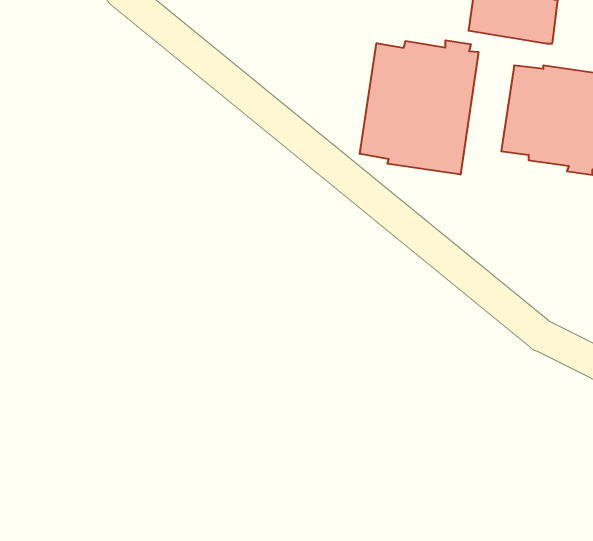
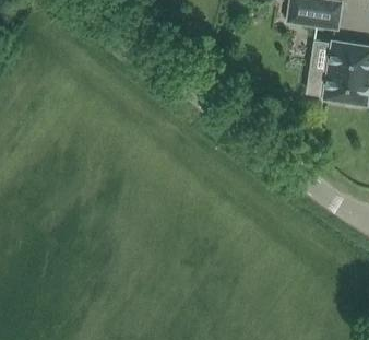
building: [360,40,478,175] -> none

